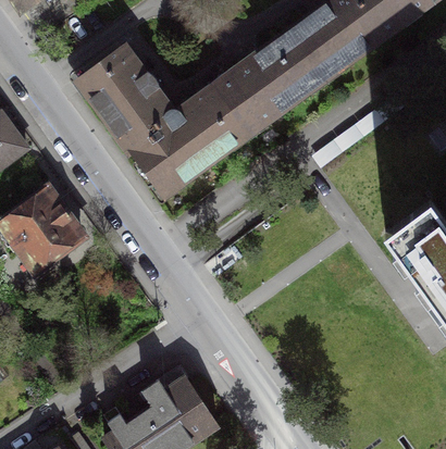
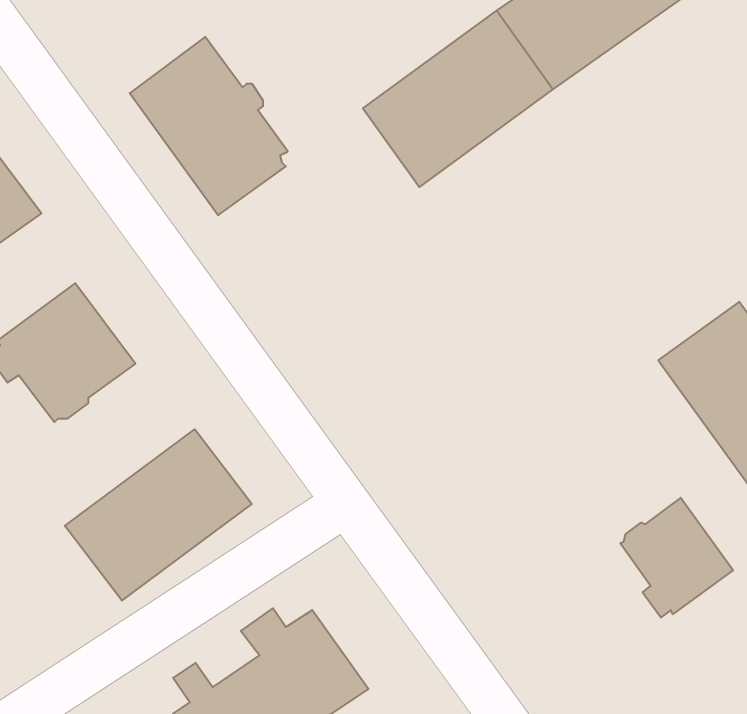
building: [129,87,246,192] -> none
building: none -> [65,429,252,601]
building: none -> [620,498,733,618]

